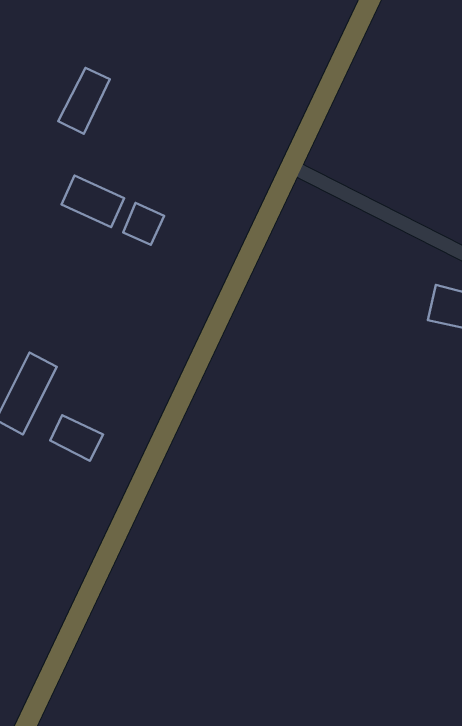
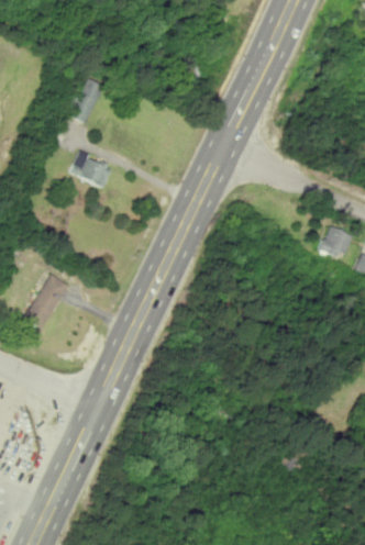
building: [123,203,164,245] -> none
building: [50,415,103,461] -> none

